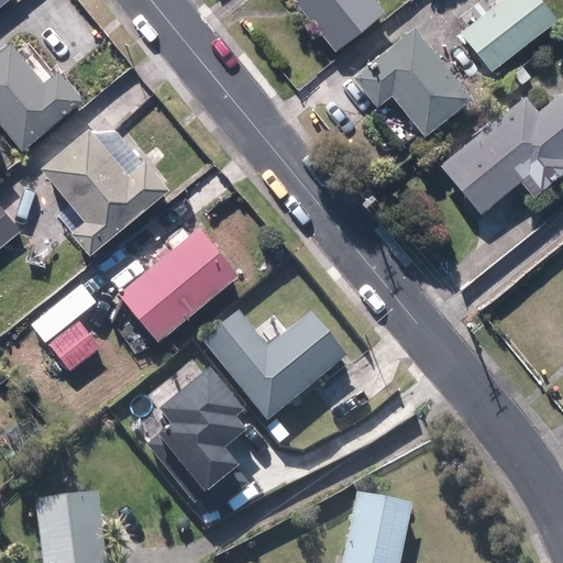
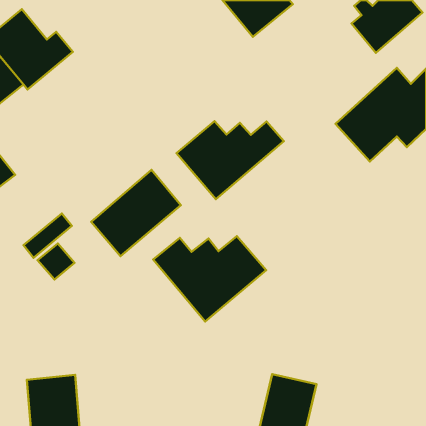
building: [349,26,473,144] -> none
building: [42,125,168,250] -> none
building: none -> [176,121,284,199]
building: [157,372,247,521] -> none

